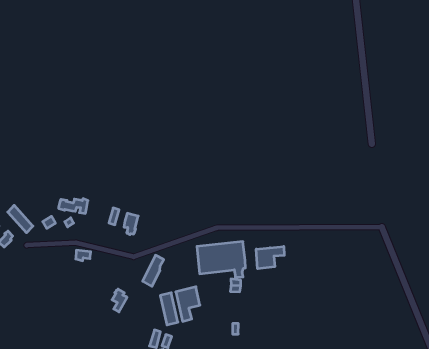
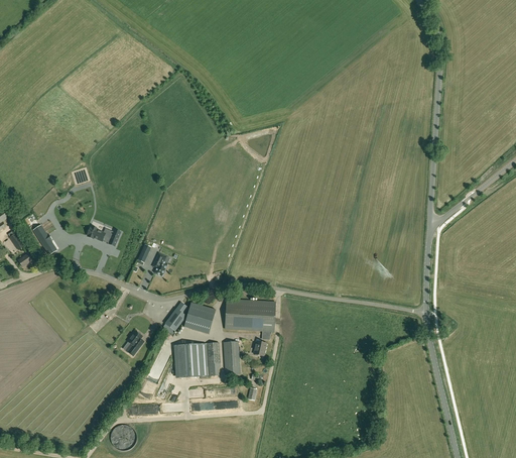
building: [256,246,284,269] -> none
building: none -> [183,302,215,333]
building: none -> [223,341,240,374]

